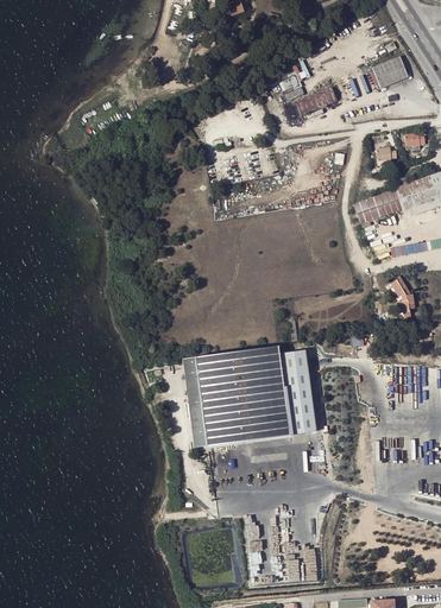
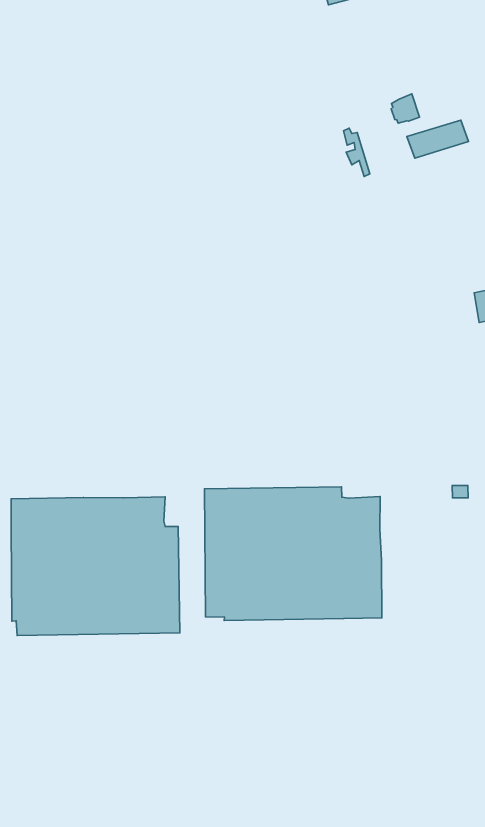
building: none -> [11,497,180,636]

